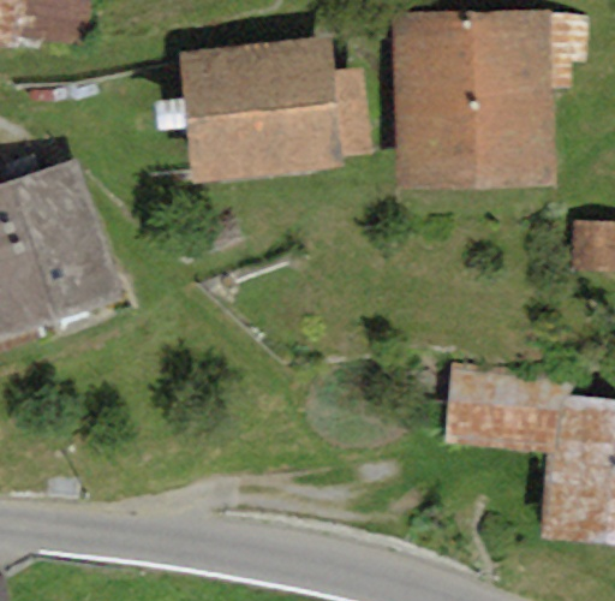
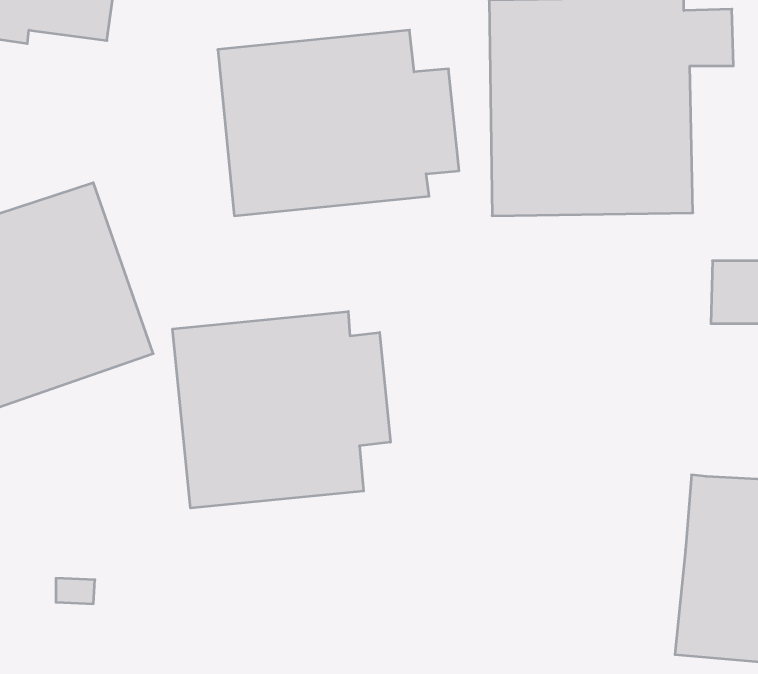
building: none -> [173,311,390,508]
building: [444,362,571,452] -> none

